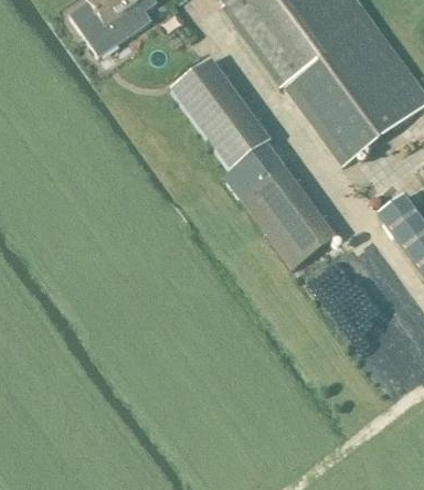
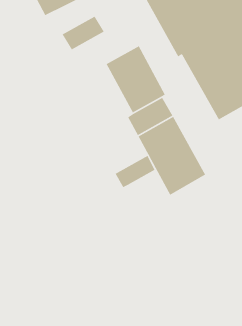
building: [170,57,226,107] -> [62,15,105,51]
building: none -> [115,155,156,188]

